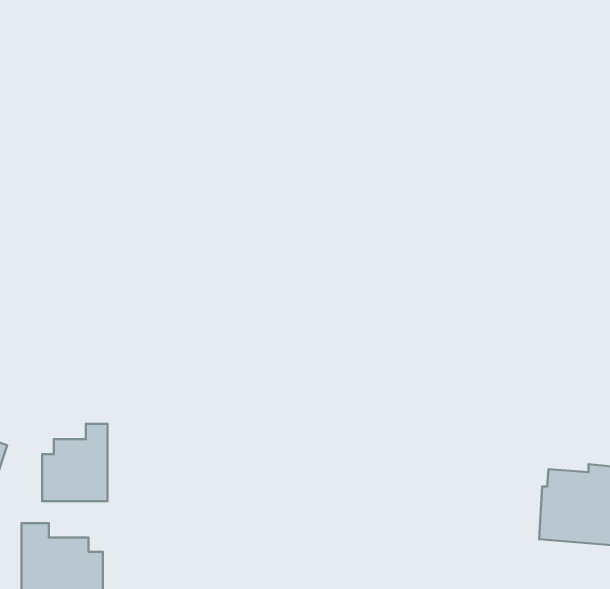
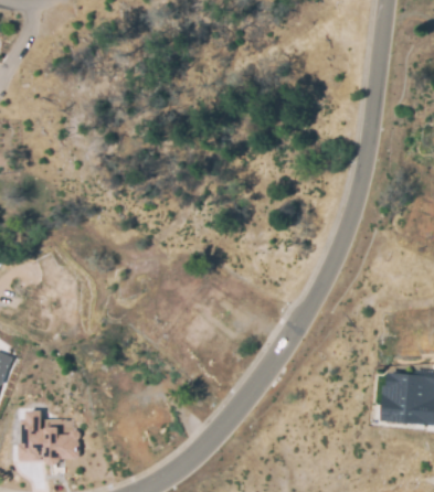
building: [42,424,107,501] -> none

